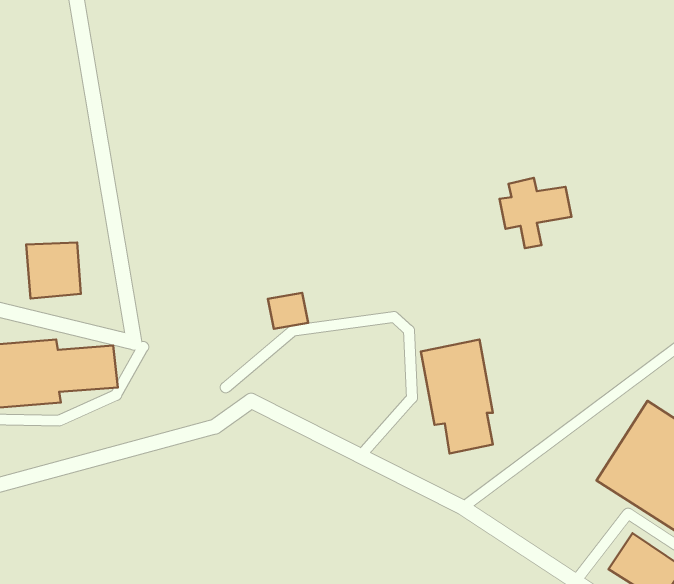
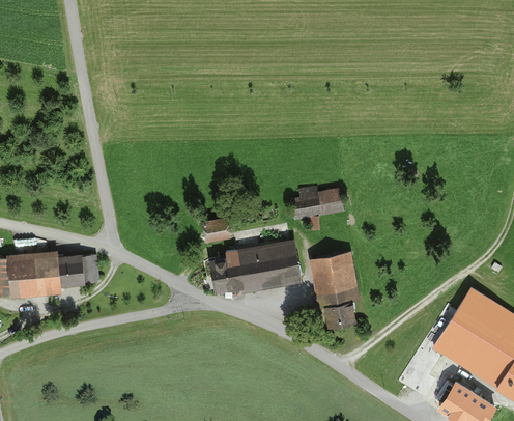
building: [499,178,571,248] -> [293,185,343,233]
building: [26,243,81,299] -> none
building: none -> [211,238,303,293]

